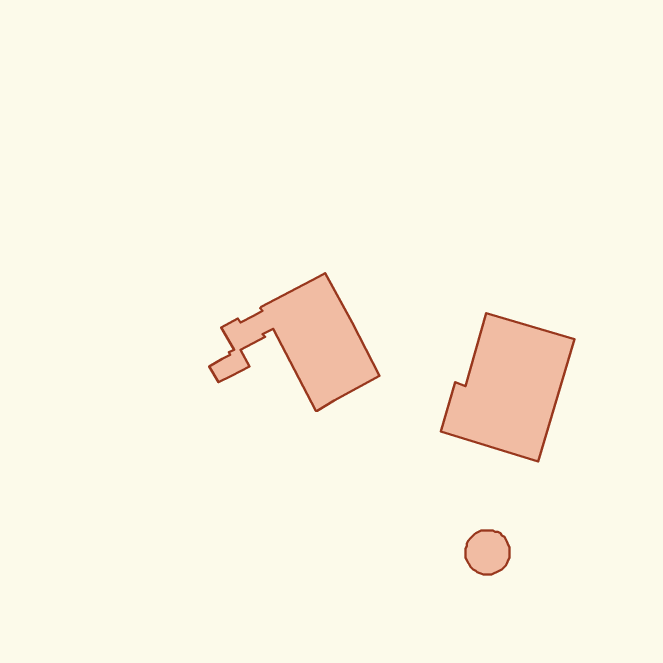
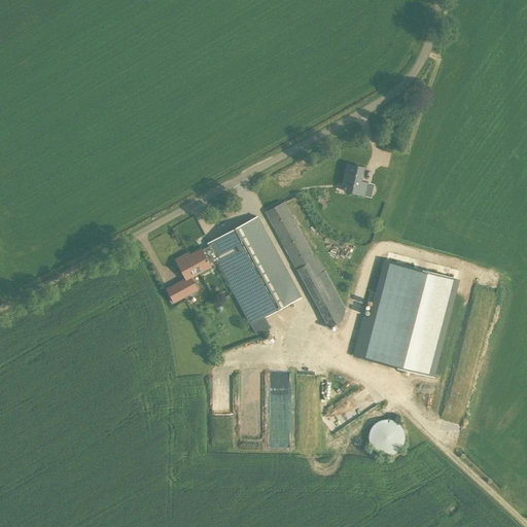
building: none -> [343,165,367,197]
building: none -> [266,203,347,329]

